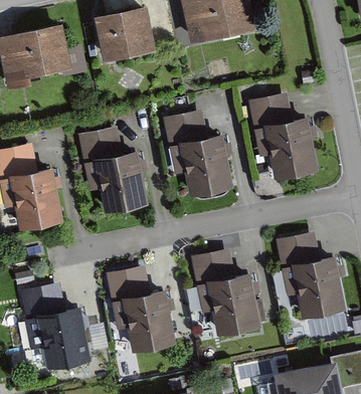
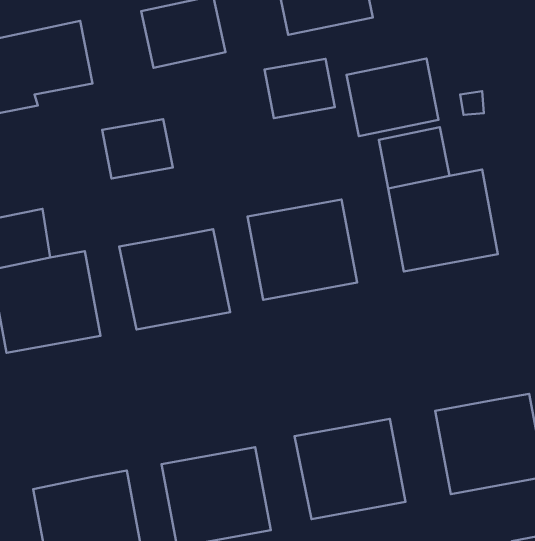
building: none -> [346,58,439,136]
building: [159,110,204,148] -> [264,59,335,118]
building: [76,129,122,167] -> [102,119,173,179]
building: [280,234,324,272] -> none
building: [190,250,234,288] -> none
building: [104,268,149,307] -> none
building: [21,283,65,323] -> none

